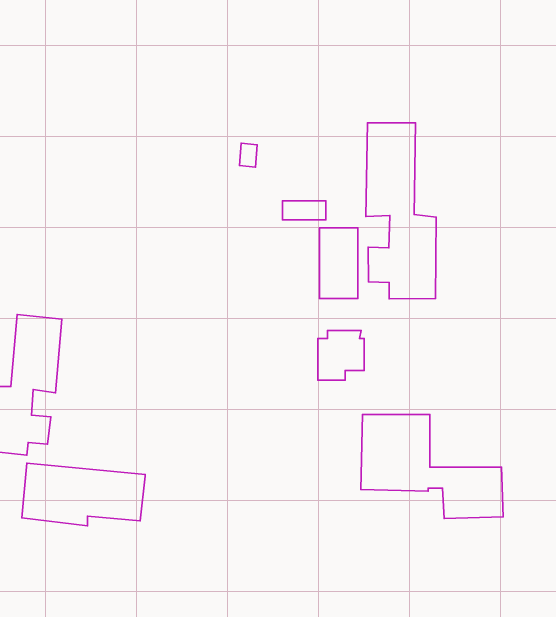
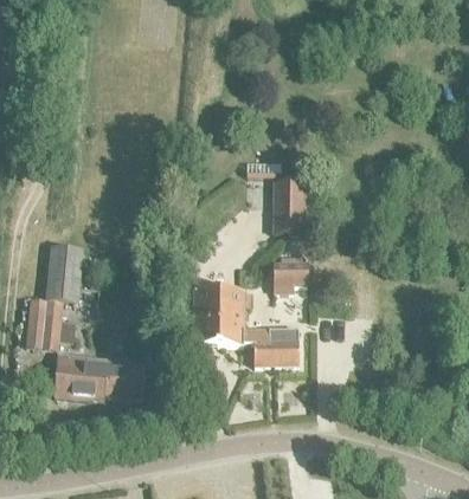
building: [366,123,436,299] -> none
building: [361,414,503,518] -> [192,289,297,365]

